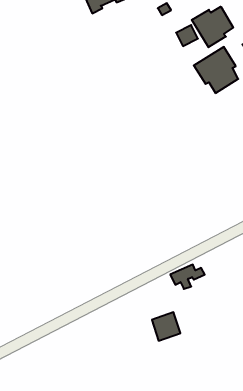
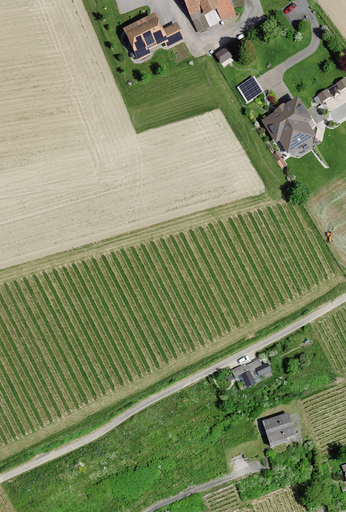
building: [192,7,233,47] -> none
building: [152,312,180,341] -> [263,411,297,445]

